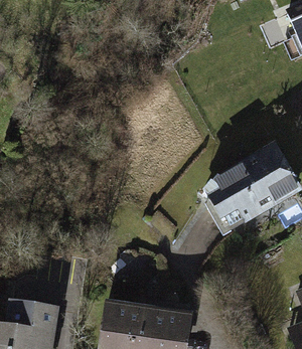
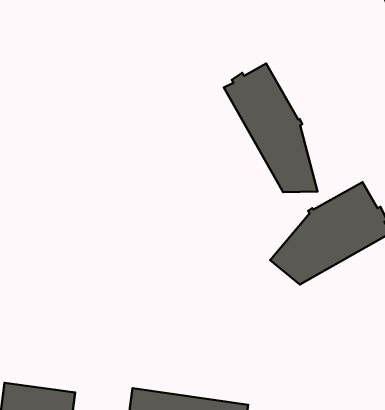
building: none -> [224,64,317,192]

